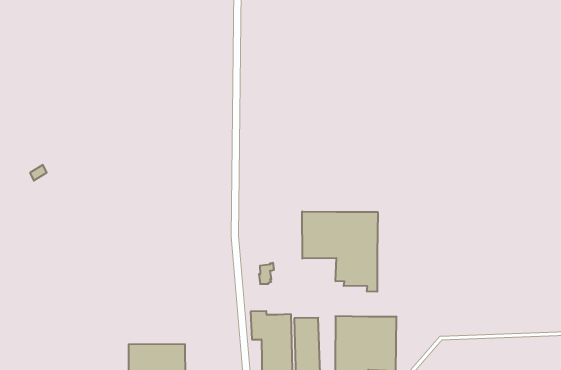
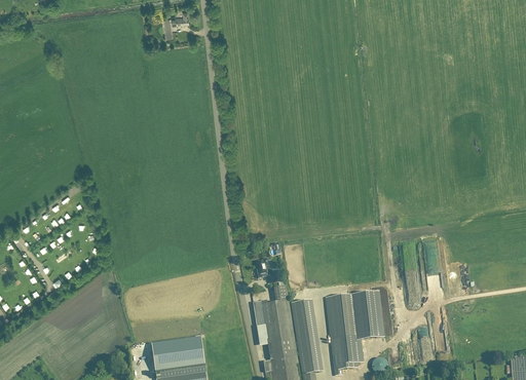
building: [302,211,378,292] -> none

